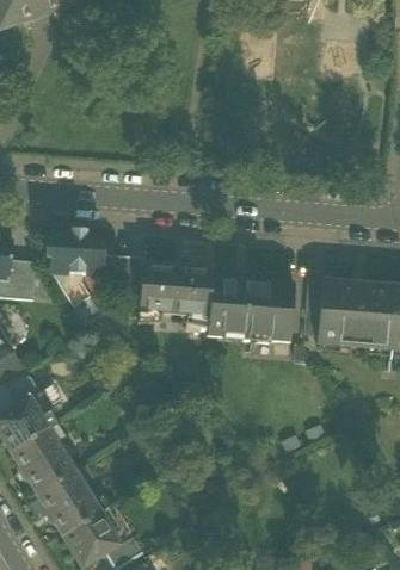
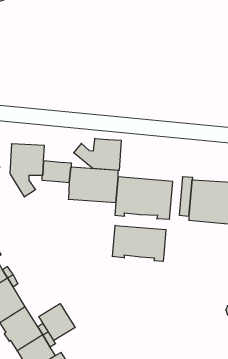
building: none -> [74,138,121,170]
building: none -> [112,225,166,261]
building: none -> [39,304,75,341]

